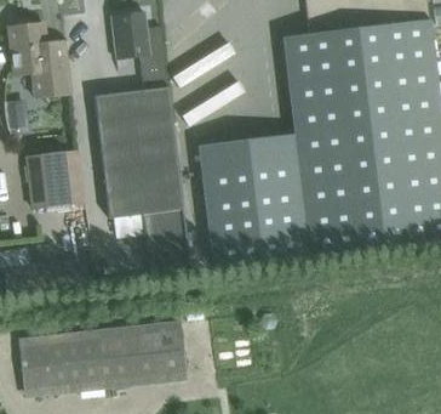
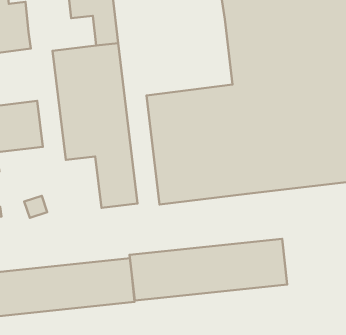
building: none -> [130,239,287,301]

